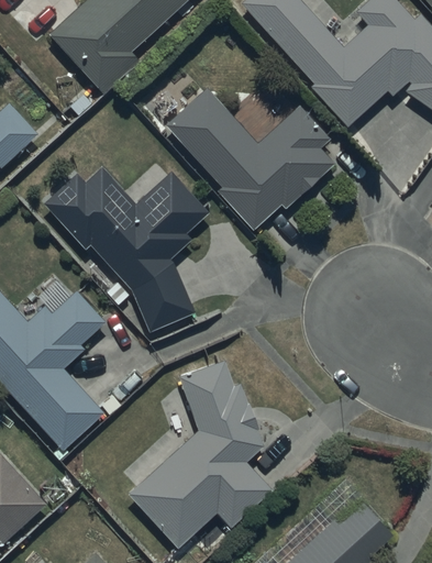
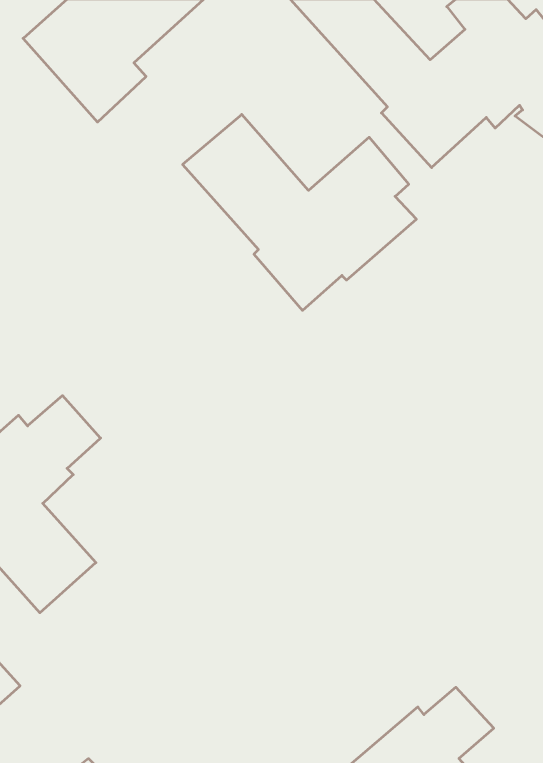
building: [46,168,207,330] -> none
building: [130,362,270,547] -> none

